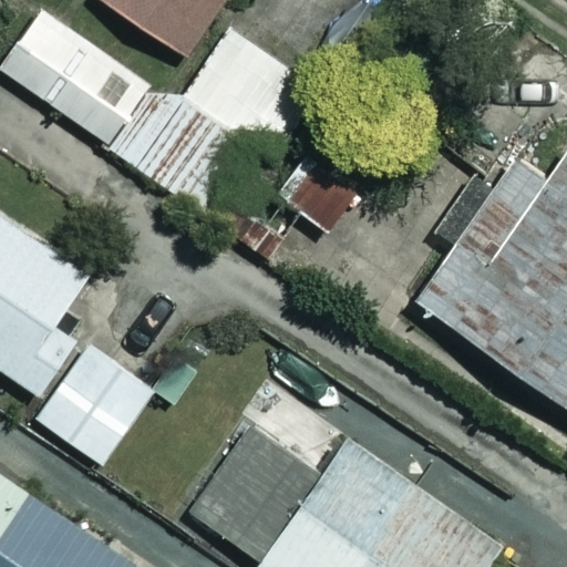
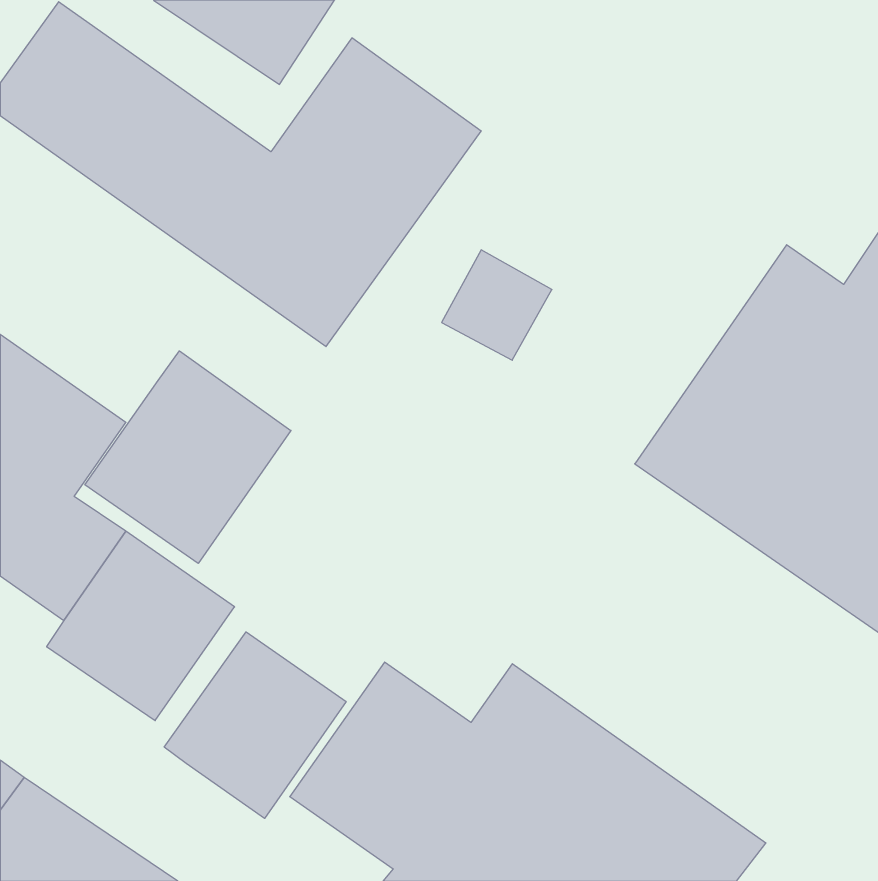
building: none -> [85,351,291,563]
building: none -> [164,632,346,818]

